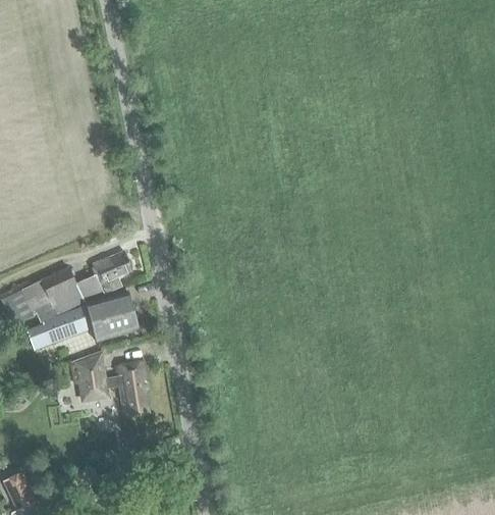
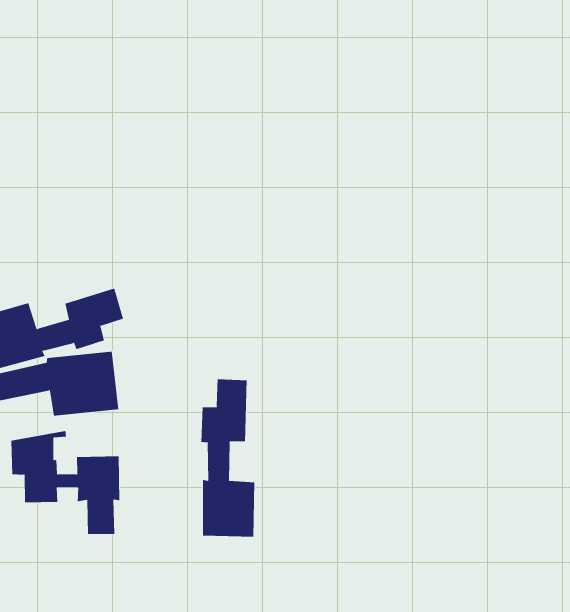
building: none -> [201,378,255,538]

